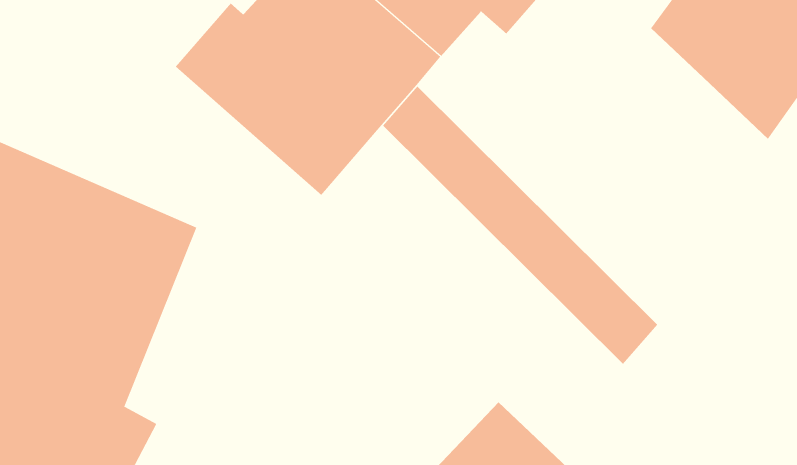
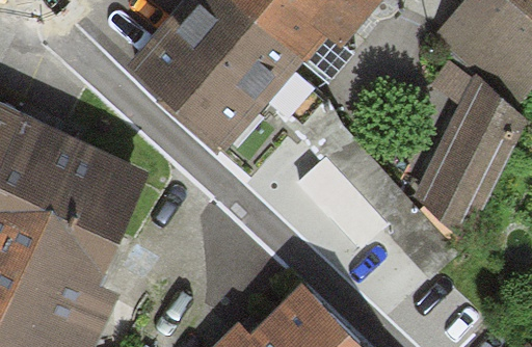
building: none -> [413,75,524,246]

